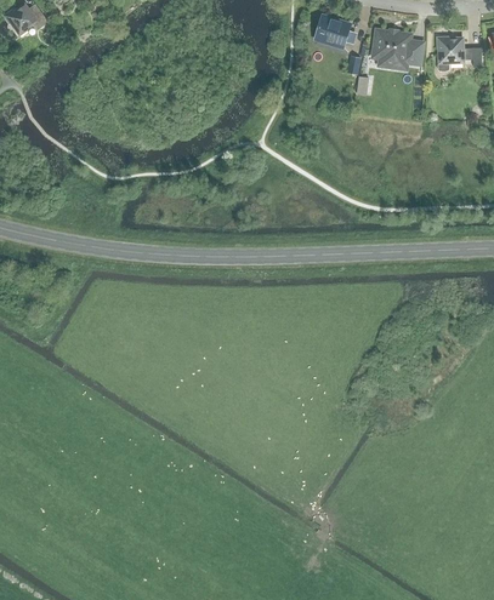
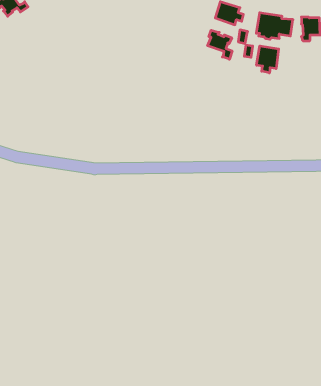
building: none -> [208,30,232,59]
building: none -> [257,46,279,73]

